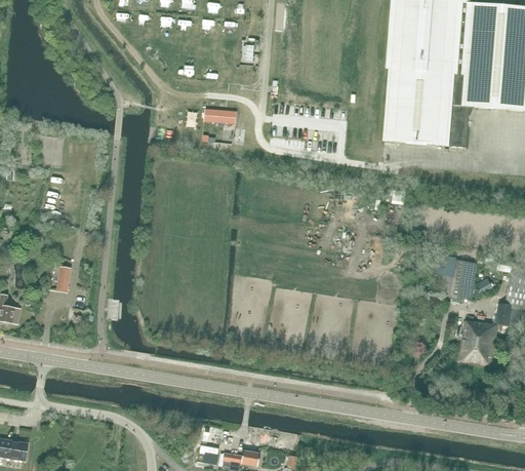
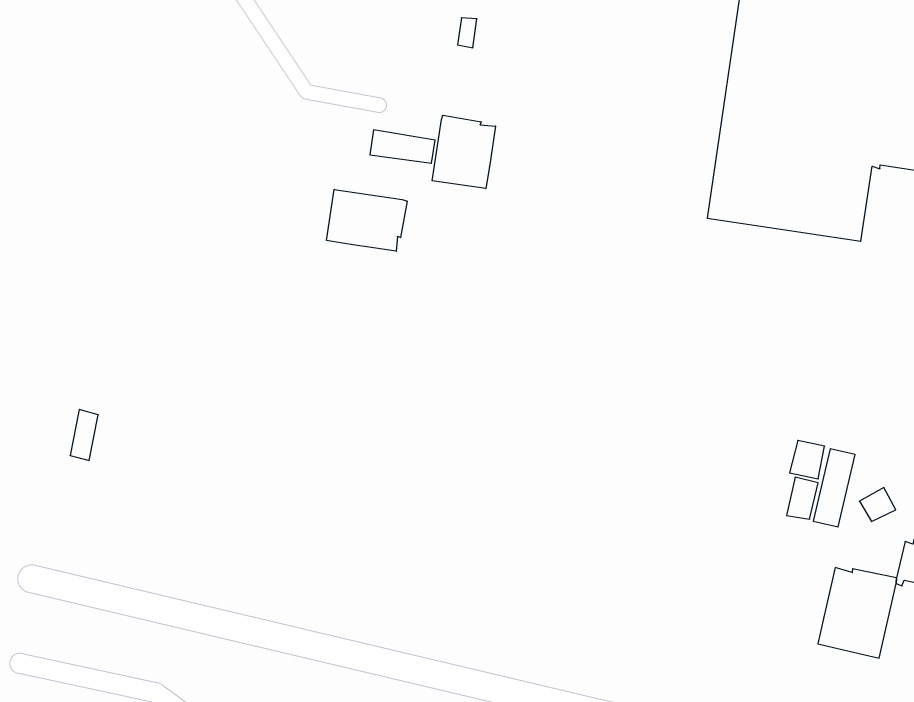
building: none -> [432,115,495,189]
building: none -> [327,189,407,251]

